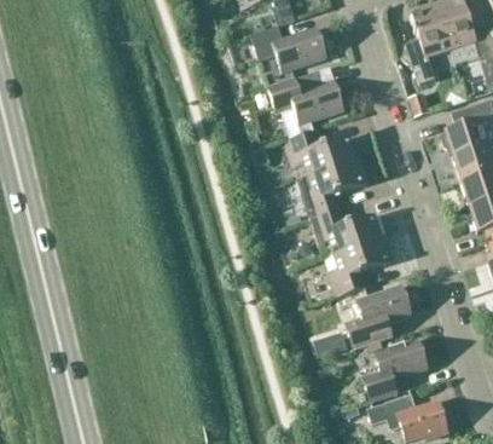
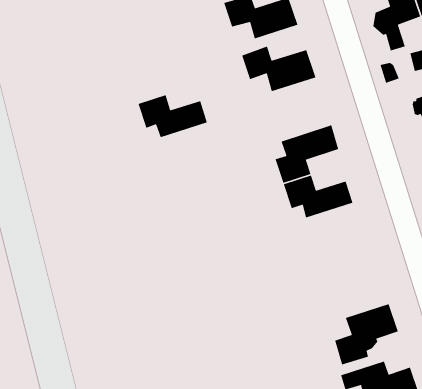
building: [286,128,358,173] -> [138,94,208,138]
building: [329,235,394,295] -> none
building: [341,284,412,351] -> none

